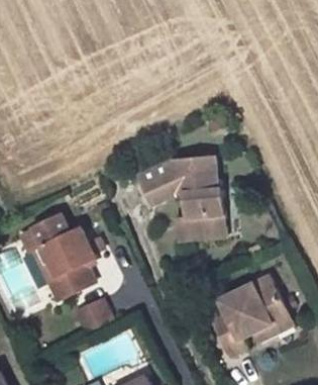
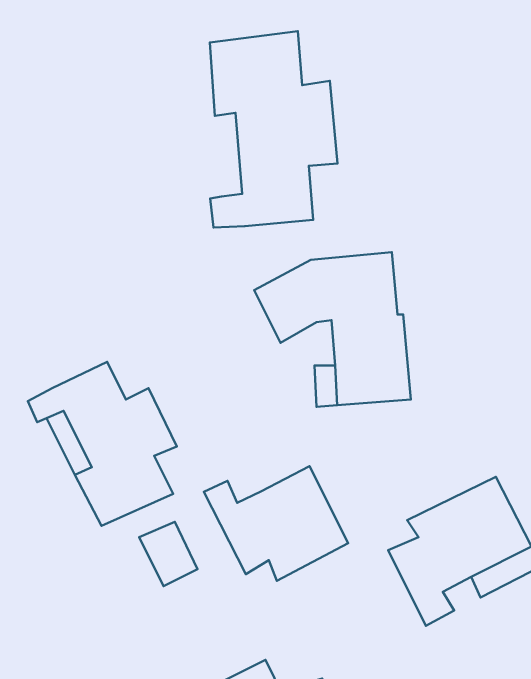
building: none -> [210,31,337,228]
building: none -> [204,466,348,581]

